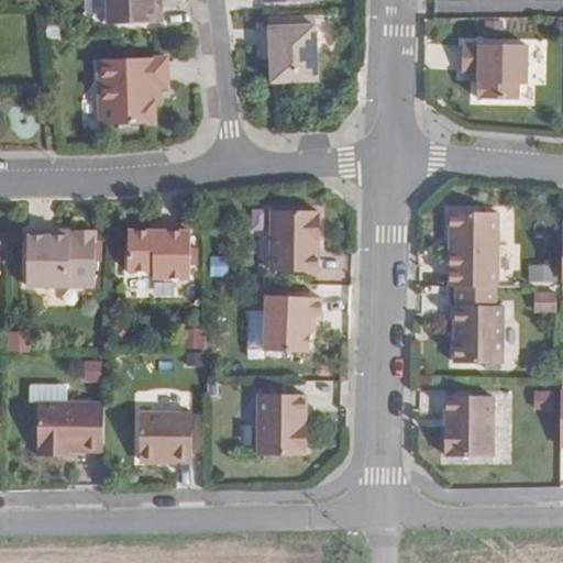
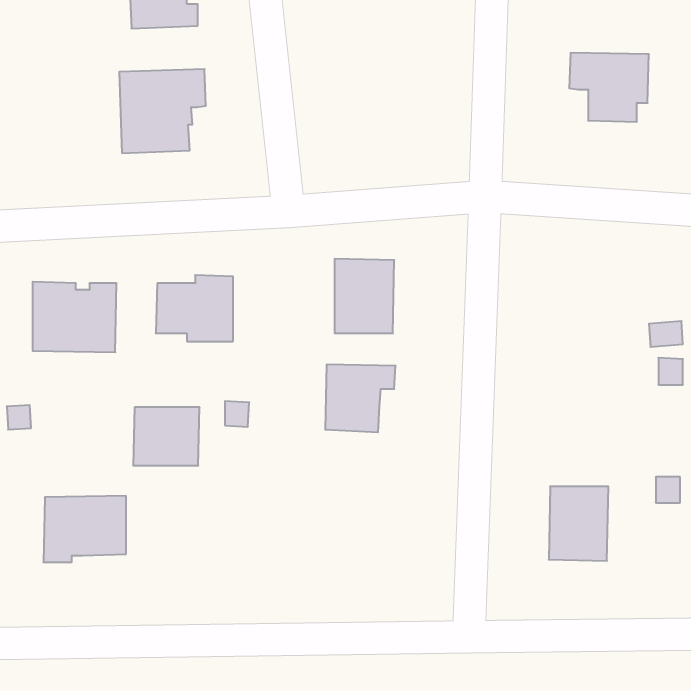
building: [261,24,317,81] -> none
building: [449,214,496,286] -> none
building: [454,305,501,362] -> none
building: [255,393,302,454] -> none
building: [137,412,191,460] -> [133,407,200,466]

